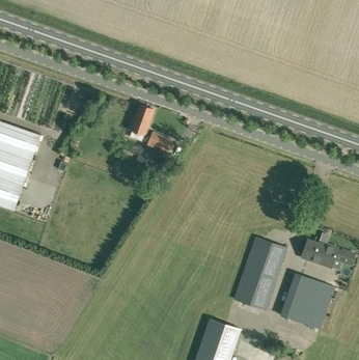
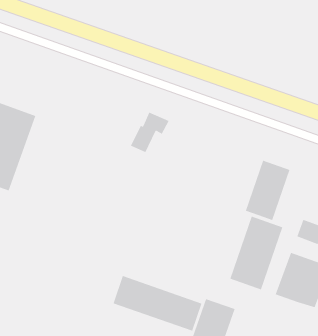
building: [128,104,153,135] -> none
building: none -> [245,160,290,221]
building: none -> [113,275,202,332]

